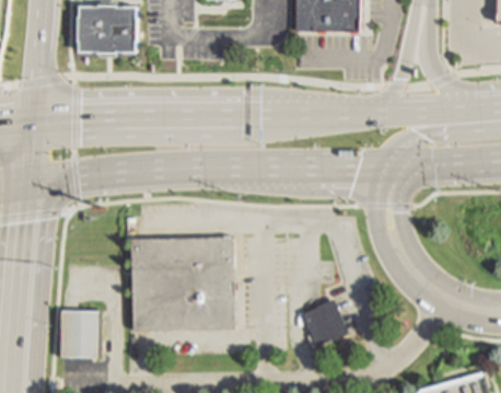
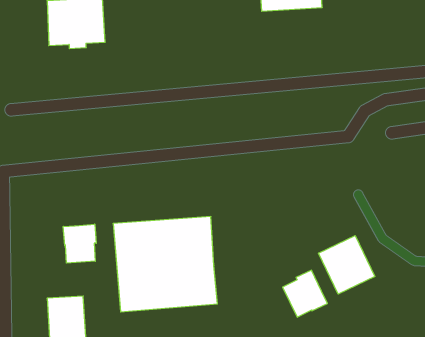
building: none -> [63,224,96,263]
building: none -> [319,236,375,294]

